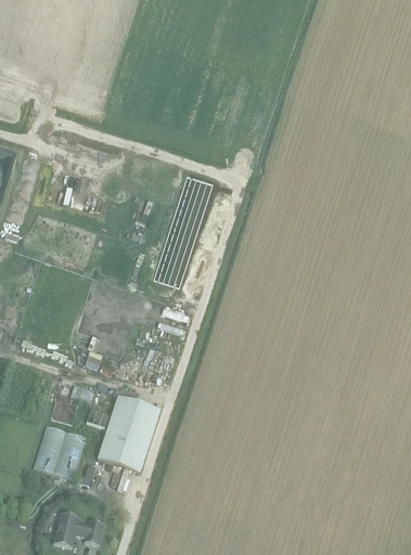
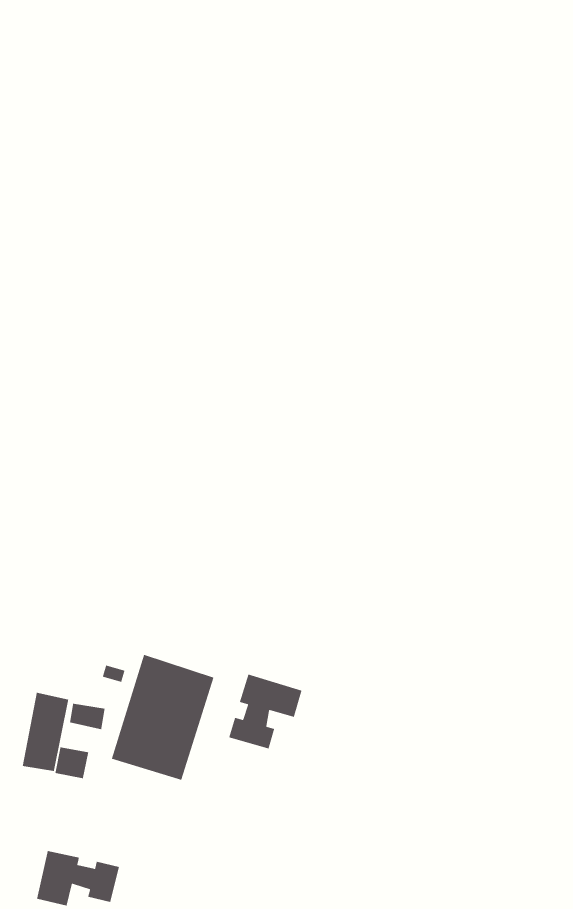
building: none -> [228,673,302,750]

